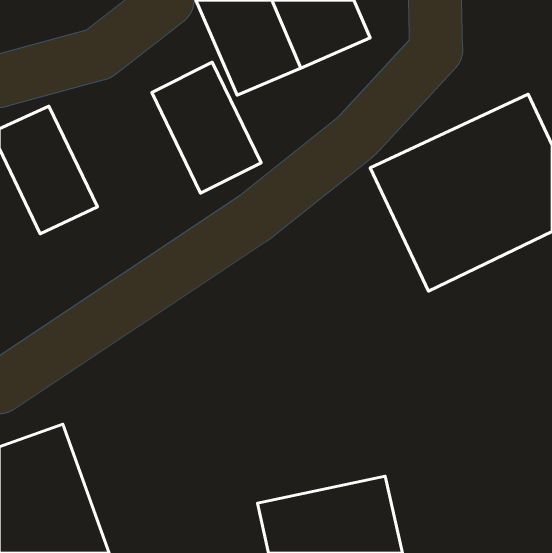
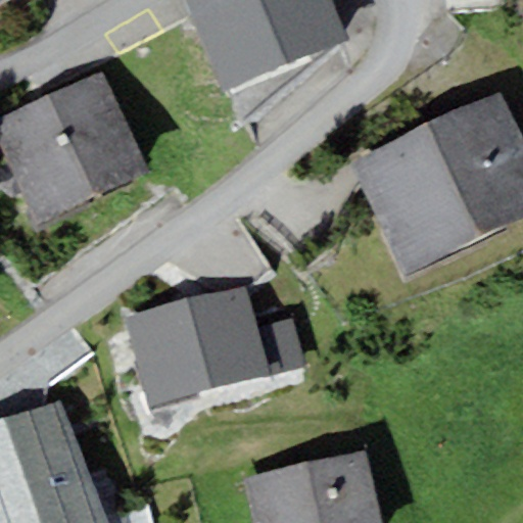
building: [152,62,261,193] -> [46,72,149,195]
building: none -> [125,286,305,406]

